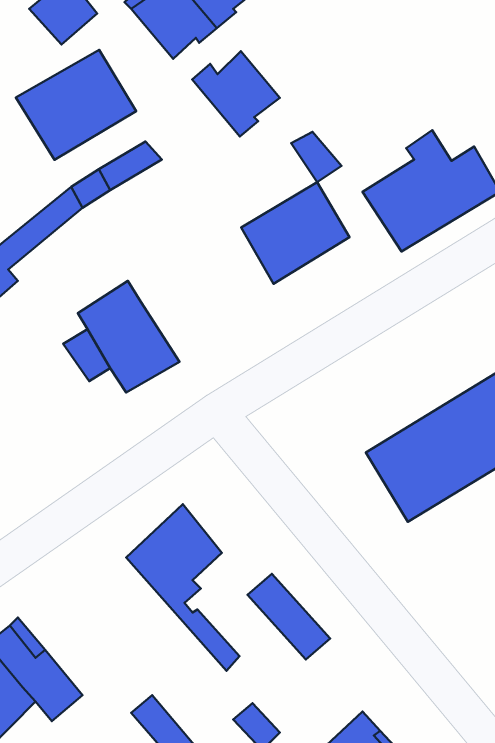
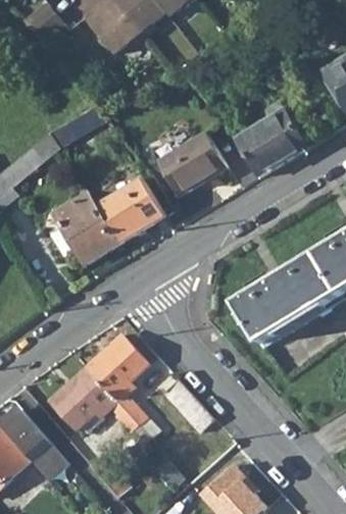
building: [16,50,136,160] -> none
building: [192,51,280,137] -> none
building: none -> [94,177,164,244]
building: none -> [48,367,148,446]

